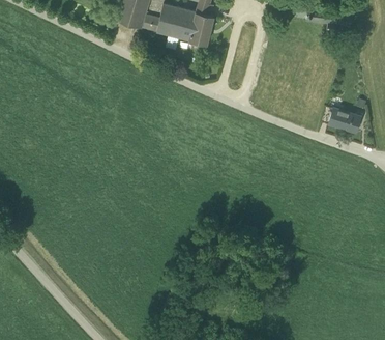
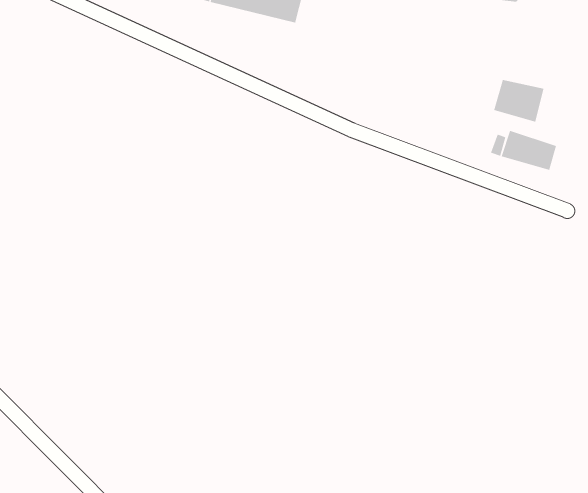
building: none -> [494,79,544,122]

